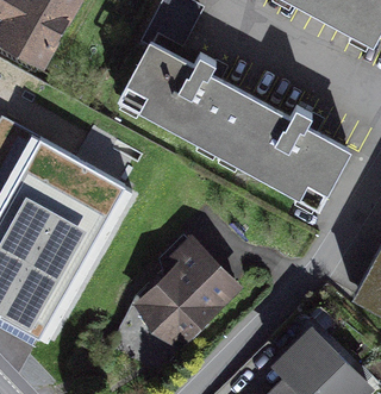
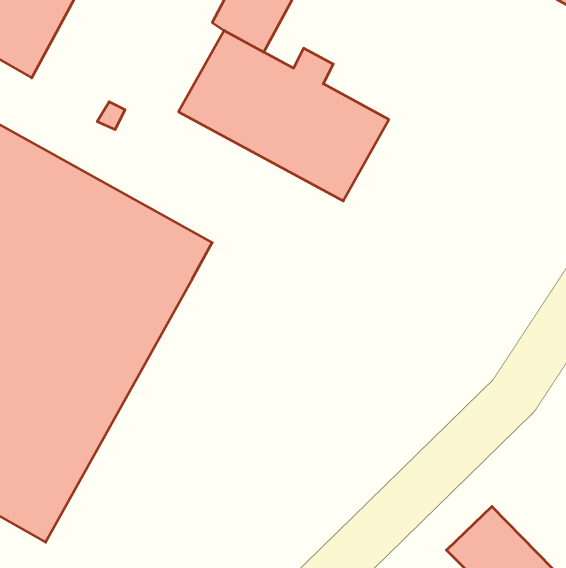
building: [221,96,348,199] -> none
building: [133,242,233,343] -> none

